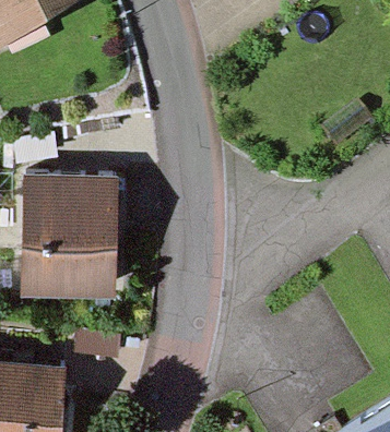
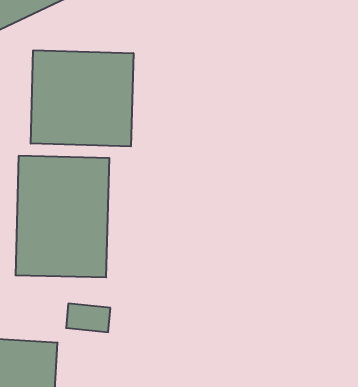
building: none -> [31,50,133,146]

